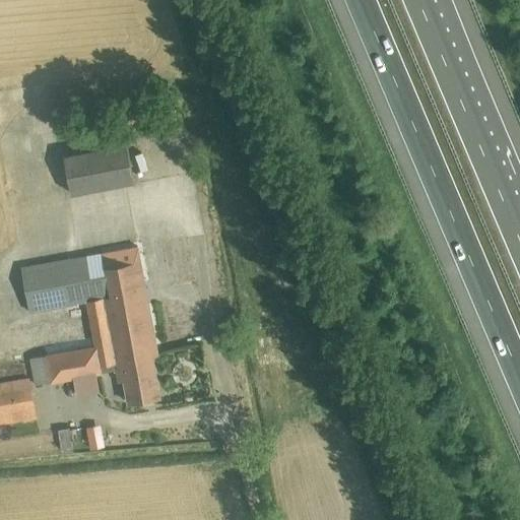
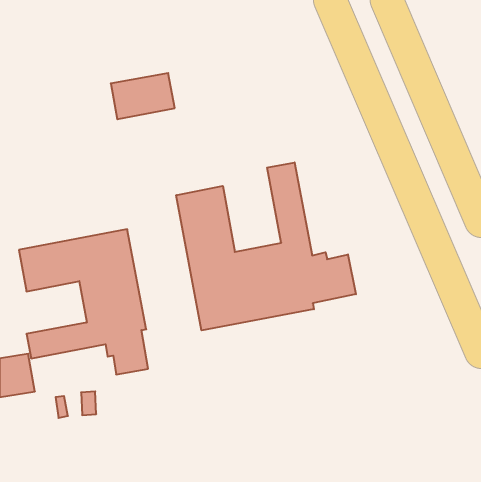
building: [64,143,133,193] -> [111,73,175,119]
building: none -> [176,162,356,330]

